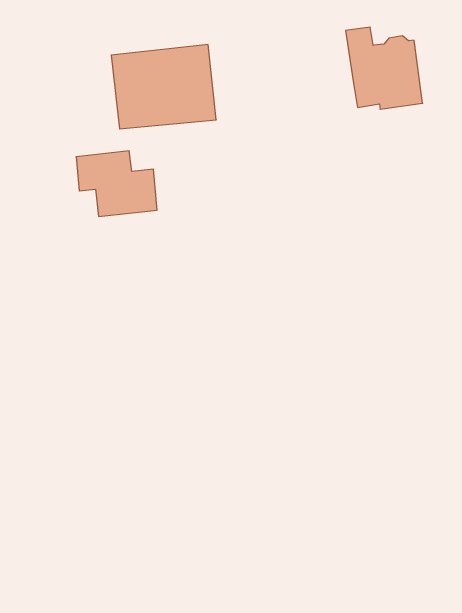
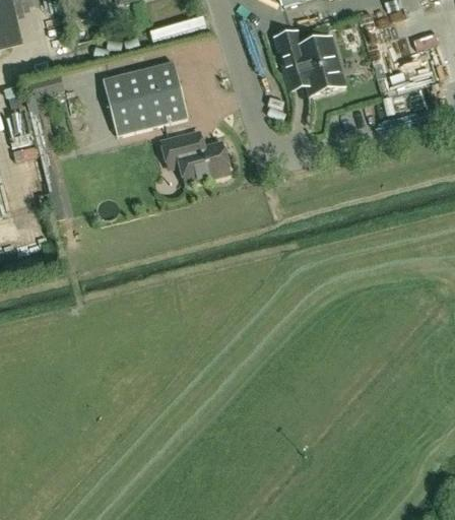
building: [76,151,157,216] -> [161,130,229,183]

